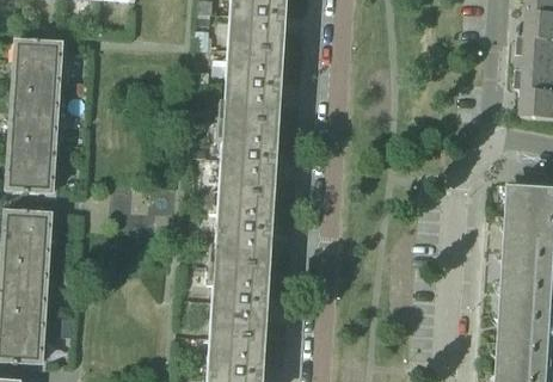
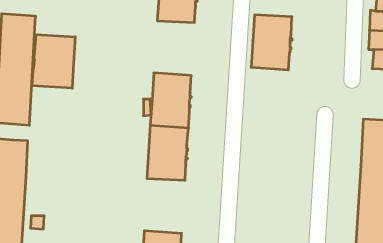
building: [225,48,281,123] -> [251,15,292,70]
building: none -> [32,35,75,88]
building: [211,264,268,339] -> none

